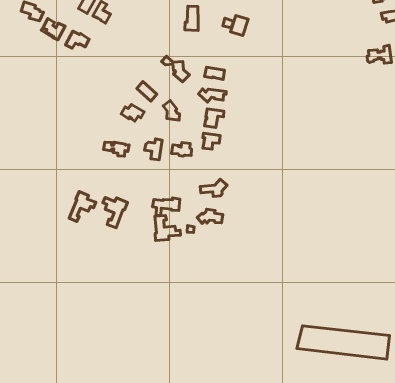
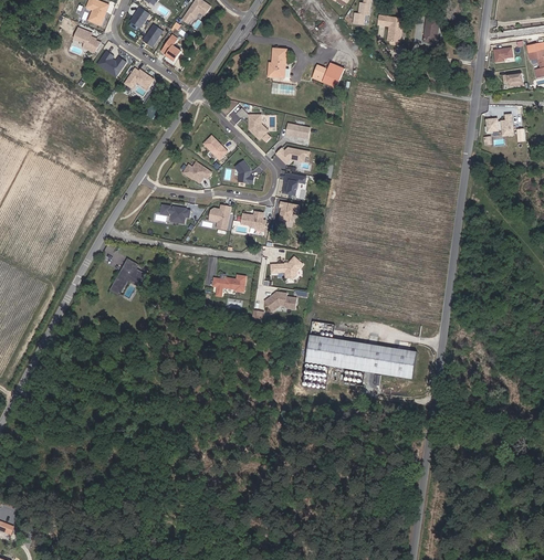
building: [103,197,127,228] -> none
building: [155,215,180,240] -> none
building: [297,326,389,359] -> [303,337,415,384]

